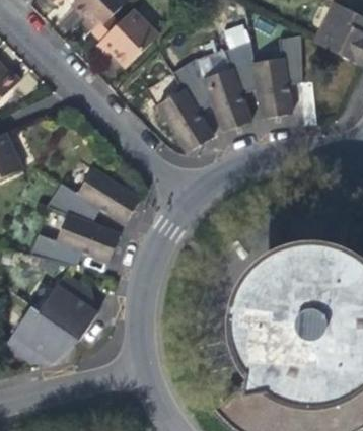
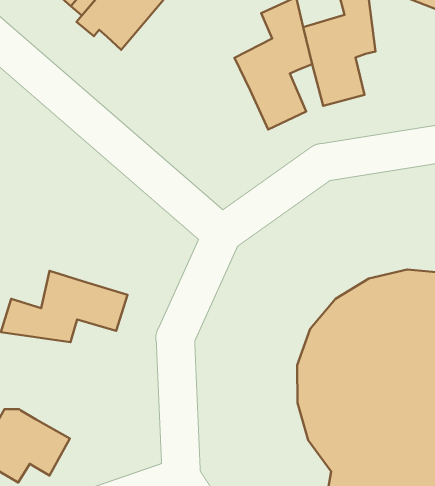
building: [160,62,214,154] -> none
building: [43,172,137,227] -> none
building: [35,277,93,341] -> none

